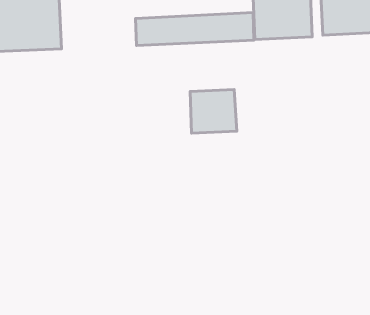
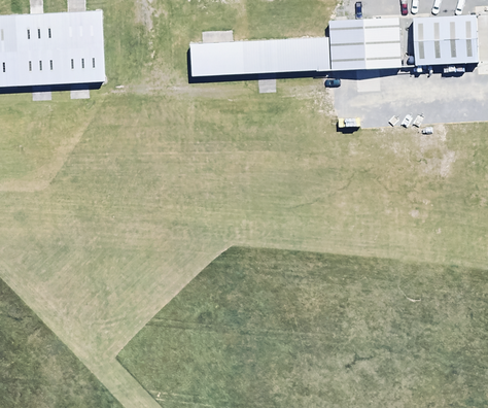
building: [190,90,237,133] -> none

